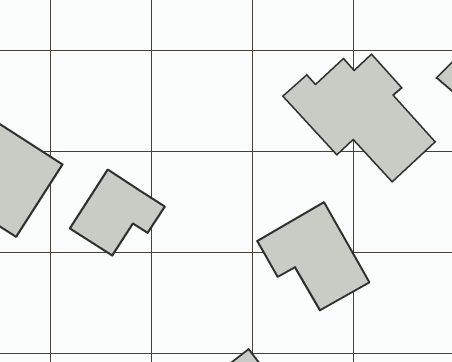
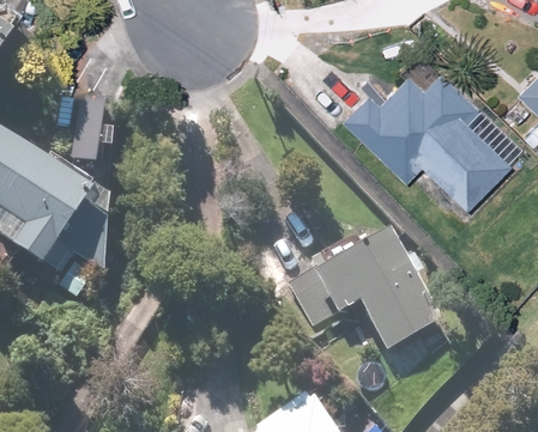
building: [70,170,165,256] -> none

